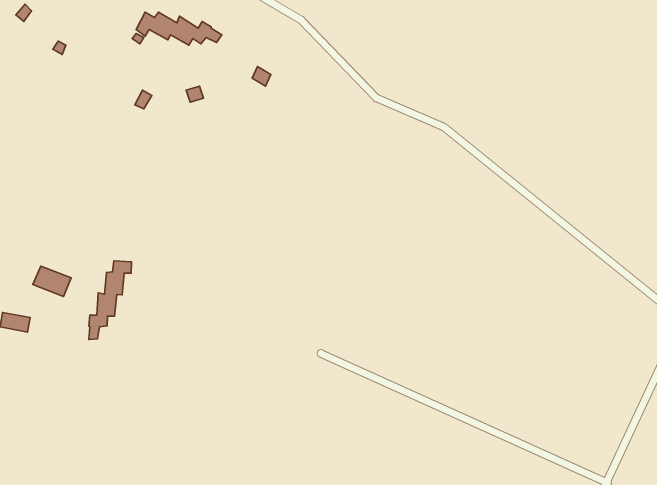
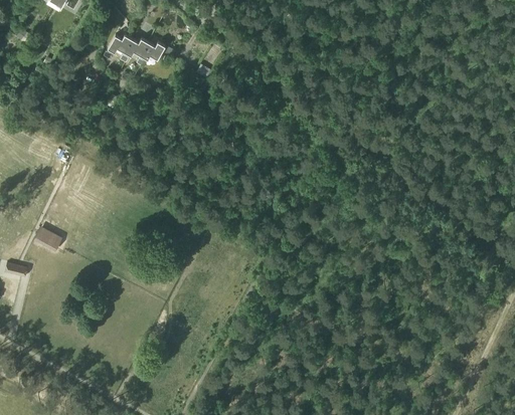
building: [89,261,131,339] -> none

